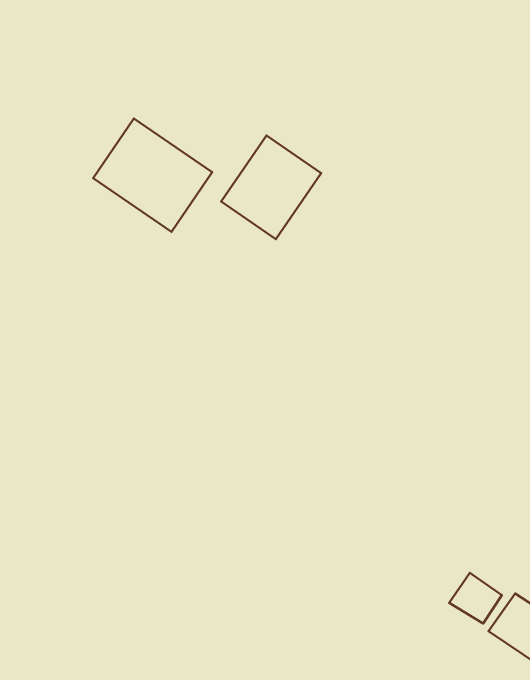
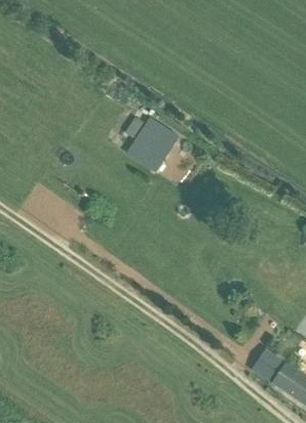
building: [93,118,212,232] -> none

